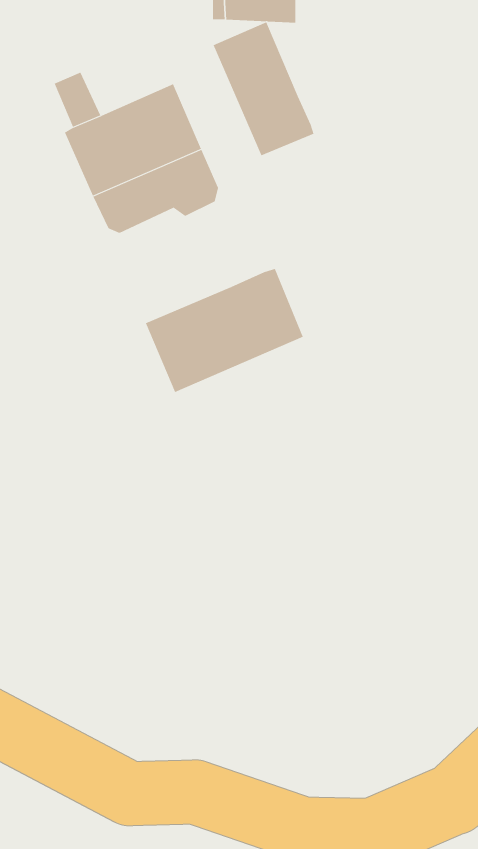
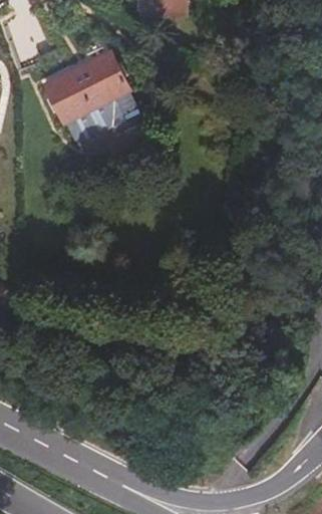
building: [213,22,314,156] -> none
building: [145,268,304,393] -> none

